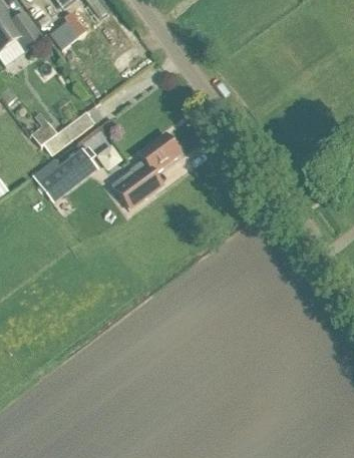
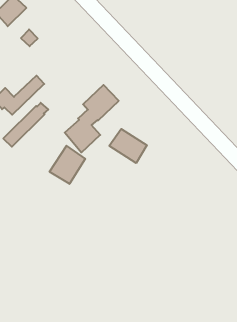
building: none -> [109,129,147,163]
building: none -> [50,146,85,184]

